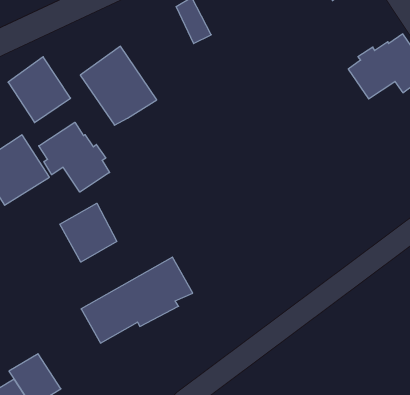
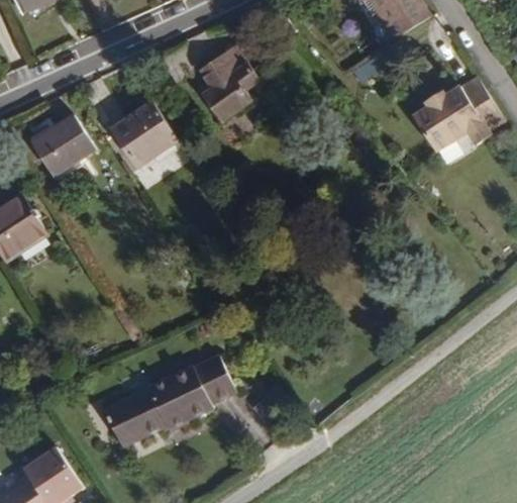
building: none -> [193,49,241,117]
building: [39,122,110,192] -> none
building: [60,203,117,262] -> none

